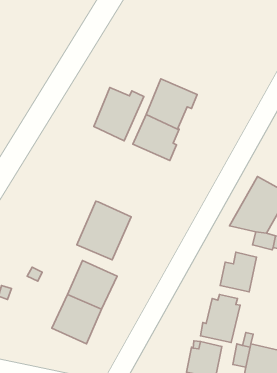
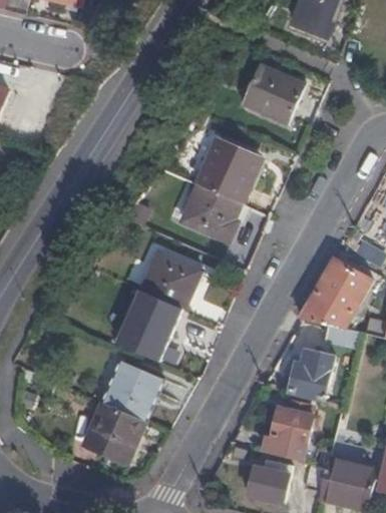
building: none -> [242,66,303,125]
building: [94,87,144,141] -> none
building: none -> [140,250,201,309]

